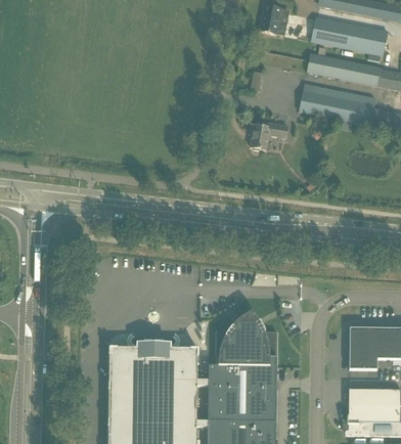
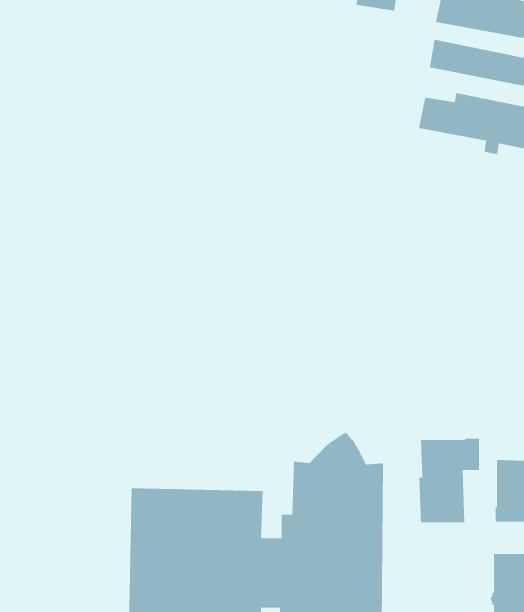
building: [250,123,287,150] -> none
building: none -> [419,438,480,523]

